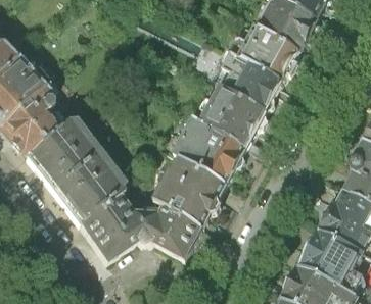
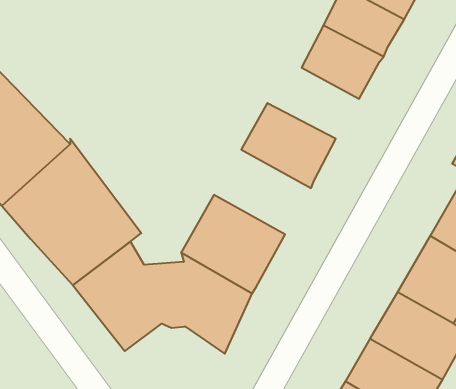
building: [222,50,290,108] -> none
building: [178,114,254,180] -> none

